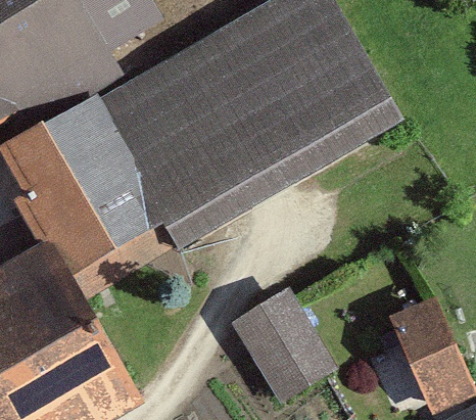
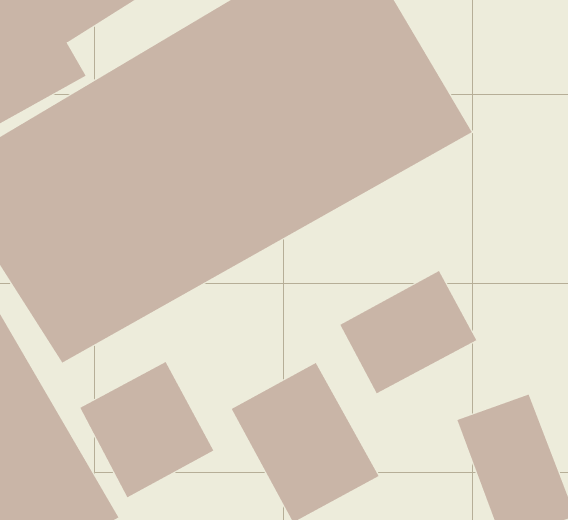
building: none -> [339,270,477,394]
building: none -> [80,361,214,498]

